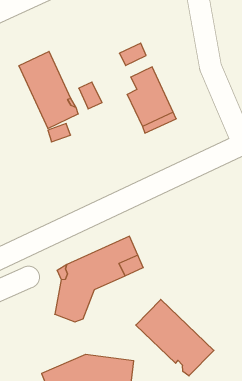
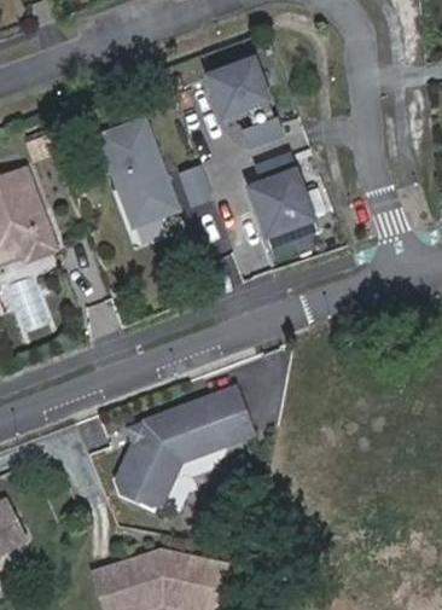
building: none -> [207,58,267,115]
building: [136,299,214,376] -> none

